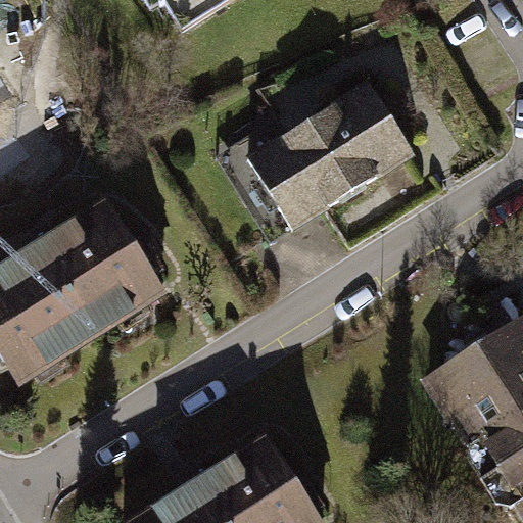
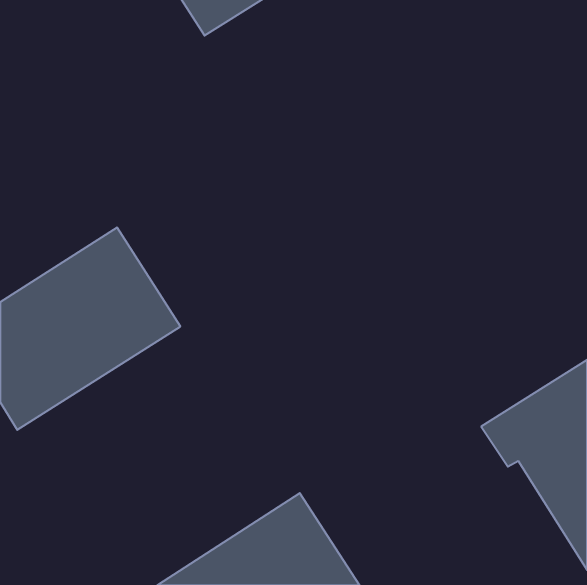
building: [243,79,414,230] -> none

